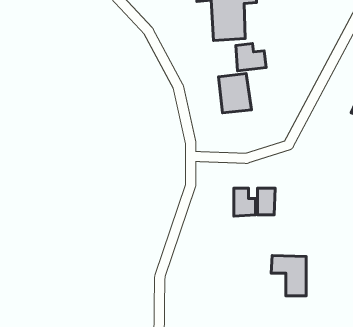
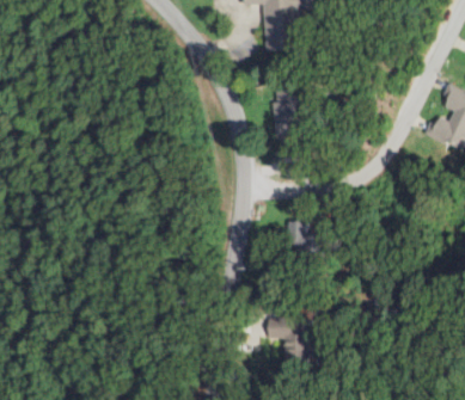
building: [236,43,266,71] -> none
building: [271,255,306,296] -> [262,316,302,363]

